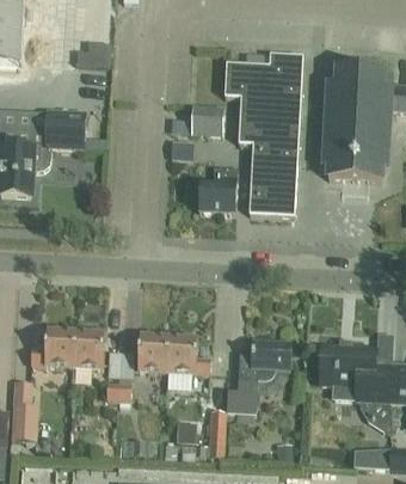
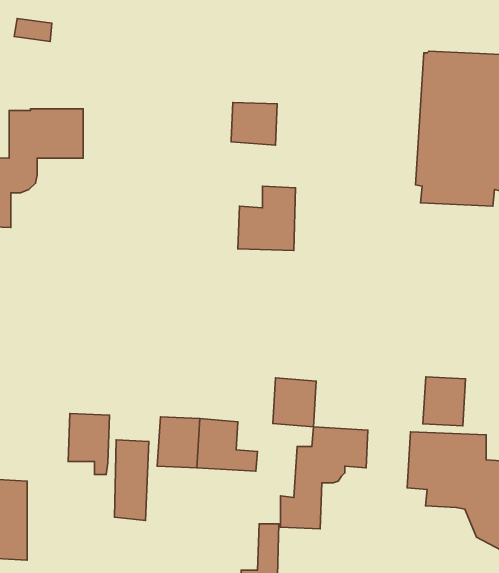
building: [224,55,302,216] -> none
building: none -> [423,377,466,426]
building: none -> [273,378,316,427]
building: [29,330,73,366] -> none

